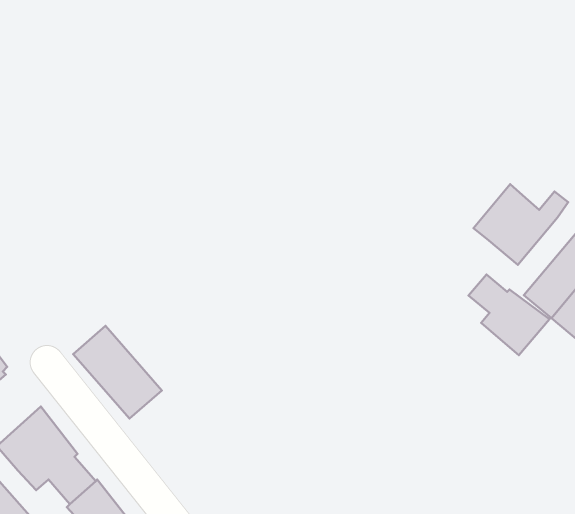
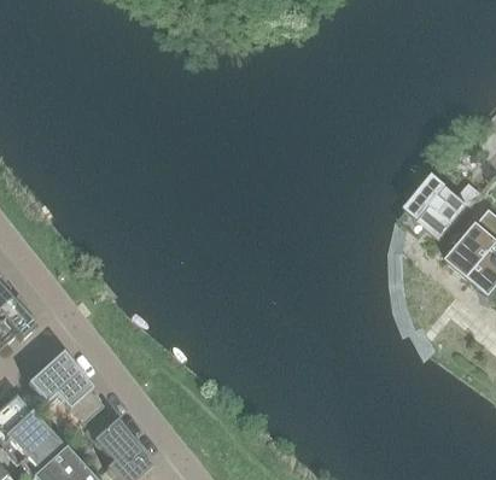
building: [469,274,550,355] -> none
building: [73,326,162,418] -> none

